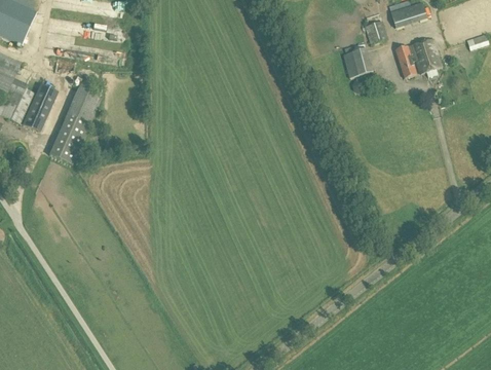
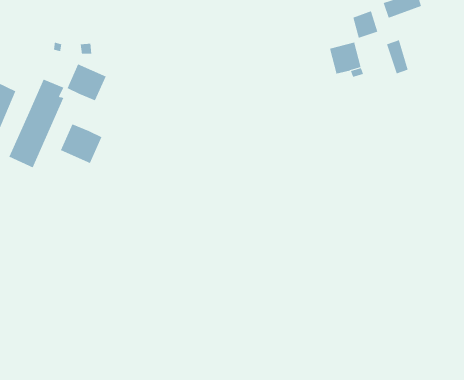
building: [410,37,442,74] -> none
building: none -> [67,64,106,101]
building: none -> [60,124,102,164]

